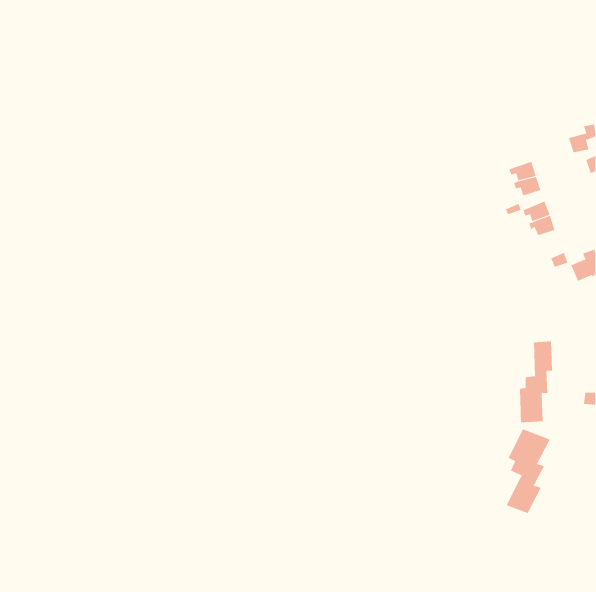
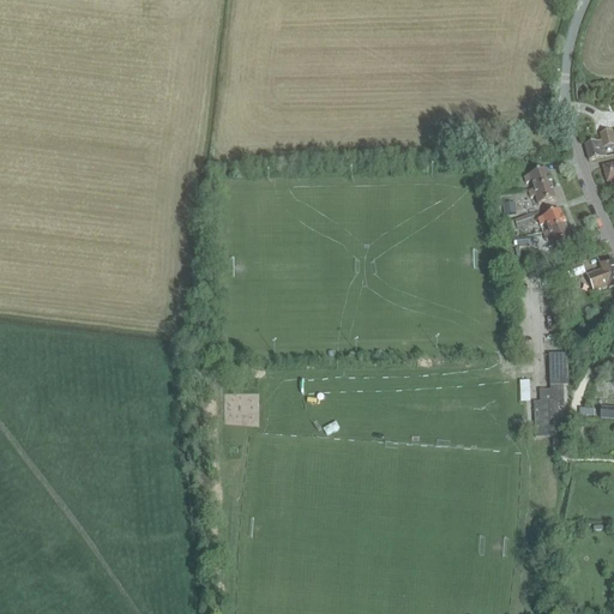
building: [506,429,551,514] -> none

